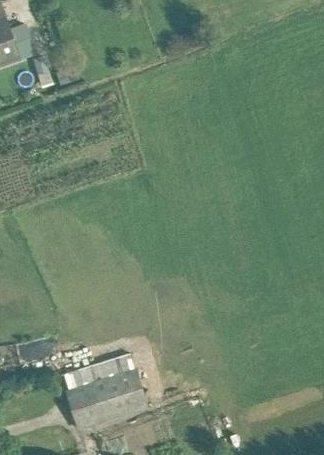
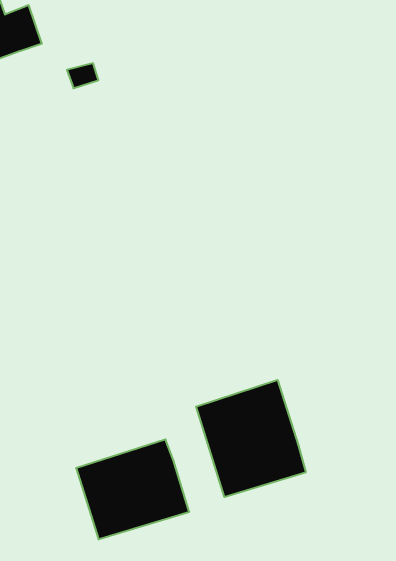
building: none -> [196,380,306,497]

